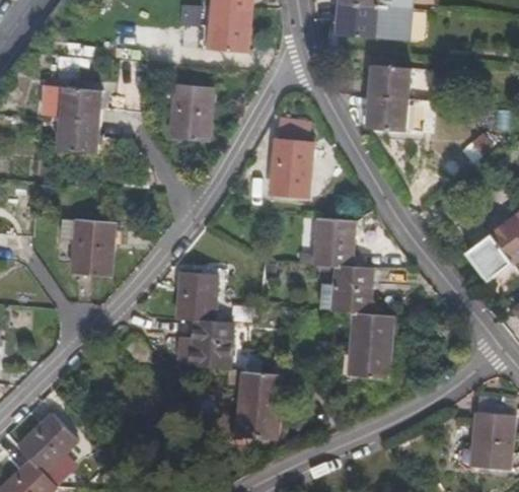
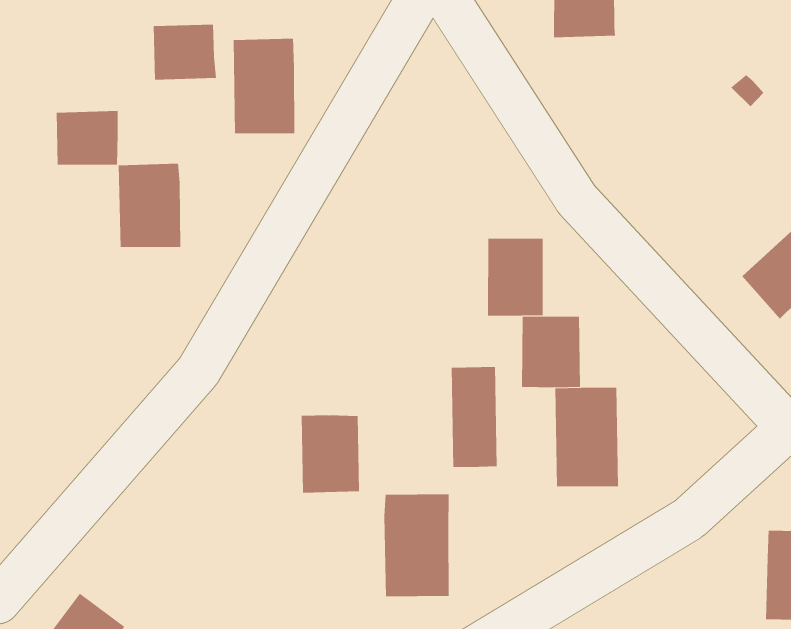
building: [61,84,100,120] -> [153,24,217,80]
building: [368,97,409,132] -> none
building: [269,137,311,196] -> none
building: [71,221,112,275] -> [118,163,181,247]
building: [177,270,216,318] -> none
building: none -> [451,366,497,468]

